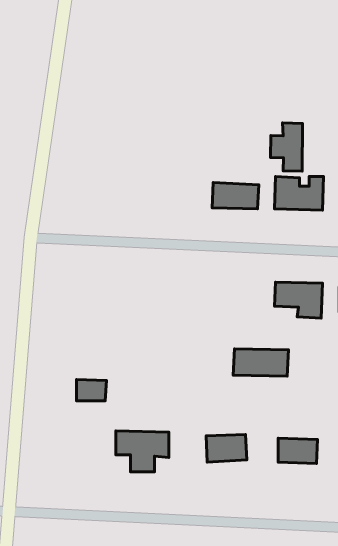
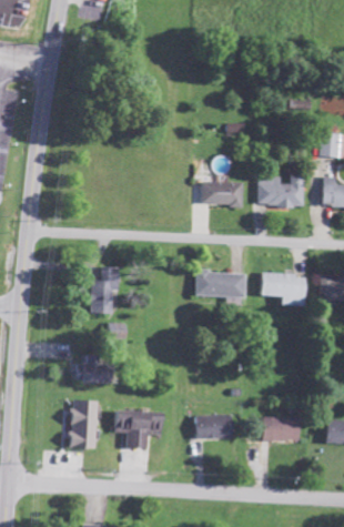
building: [270,123,302,171] -> none
building: none -> [91,266,121,313]
building: [233,349,288,376] -> [195,271,246,296]
building: none -> [69,398,99,448]

